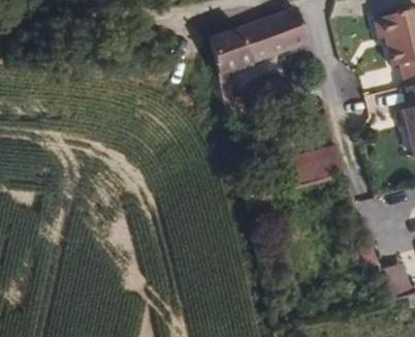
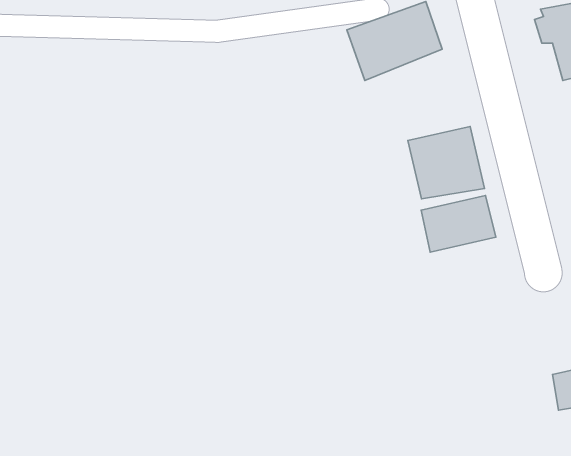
building: [215,28,256,72] -> none
building: none -> [408,126,484,199]

